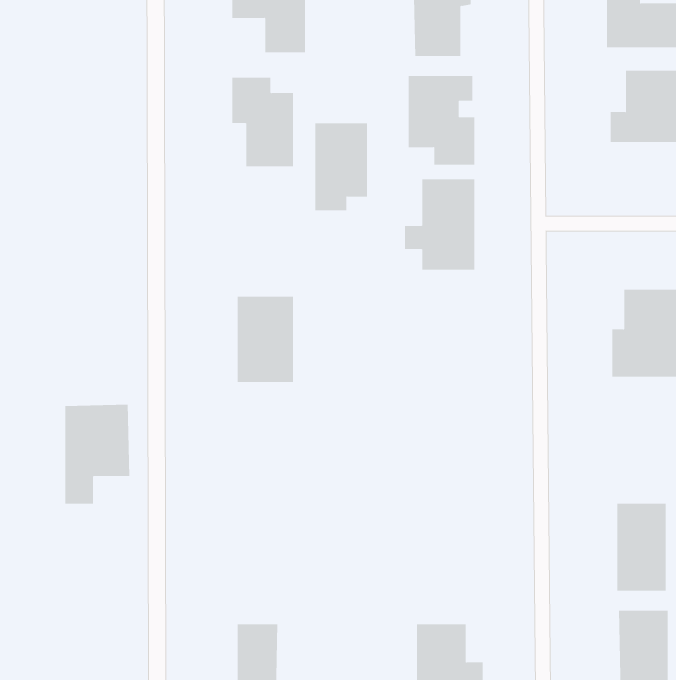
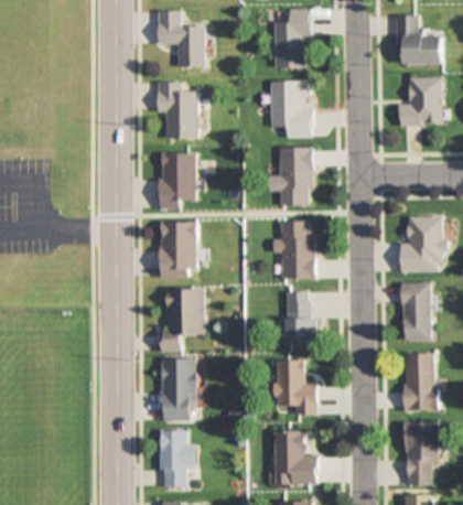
building: [314,123,368,211] -> [160,153,194,209]
building: none -> [271,221,313,279]
building: none -> [400,283,429,341]
building: [65,404,130,504] -> [163,288,205,352]
building: none -> [287,292,314,344]
building: none -> [161,358,196,420]
building: none -> [274,359,316,416]

